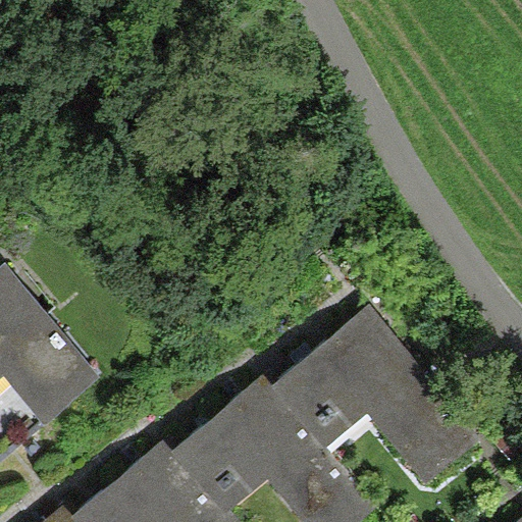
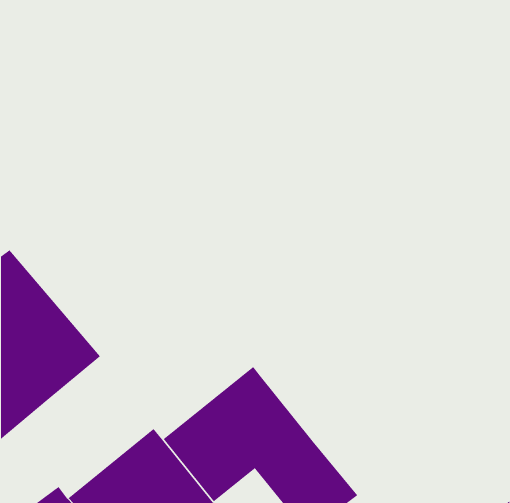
building: [266,312,471,485] -> none

